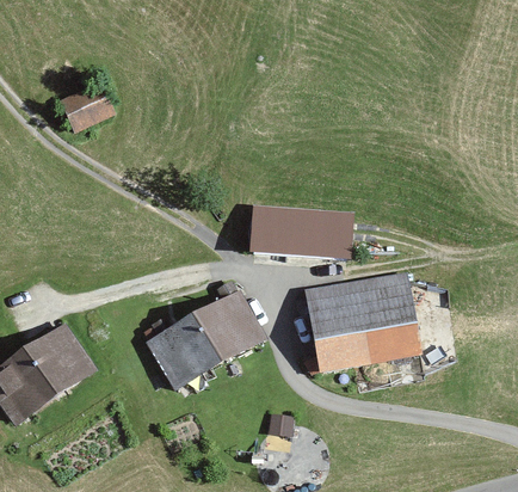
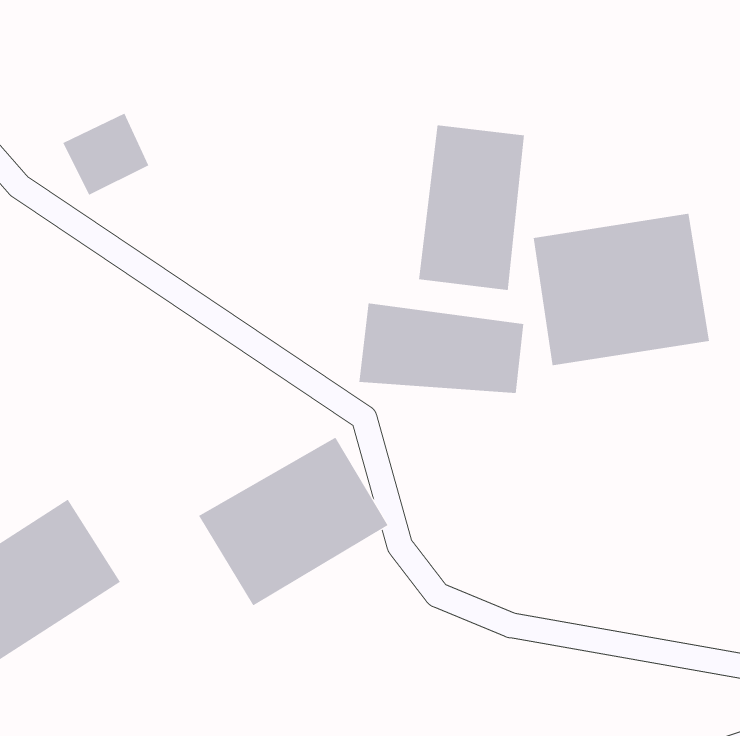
building: none -> [419,125,524,291]
building: [306,273,418,370] -> [533,213,710,366]

